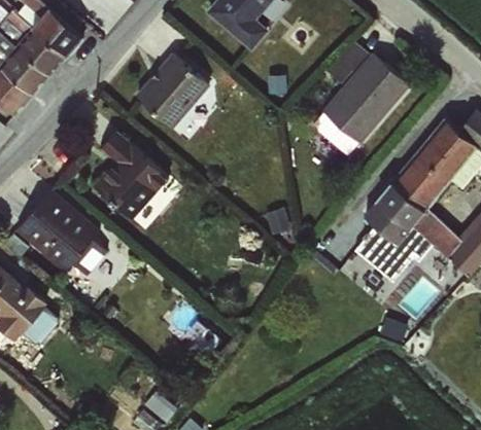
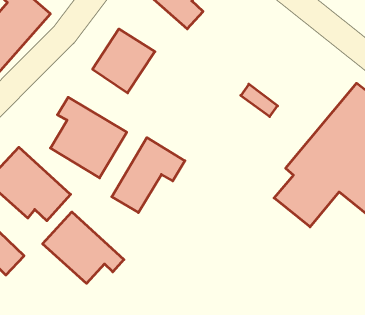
building: [320,48,411,145] -> none
building: none -> [112,138,185,213]
building: none -> [43,212,124,283]

